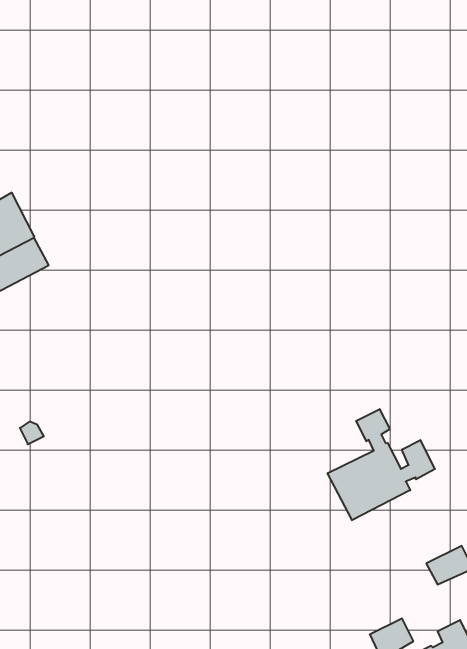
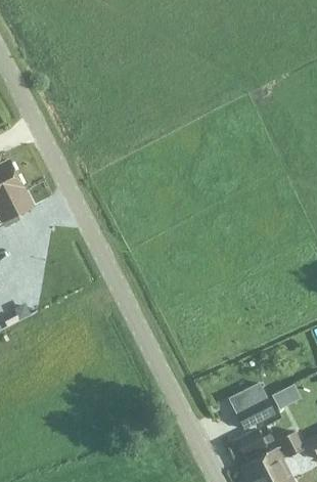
building: [328,409,435,520] -> none
building: none -> [228,382,273,427]

